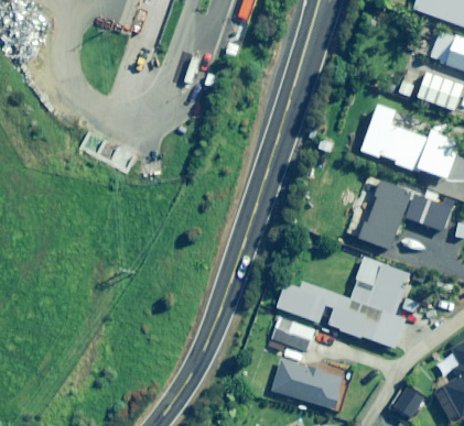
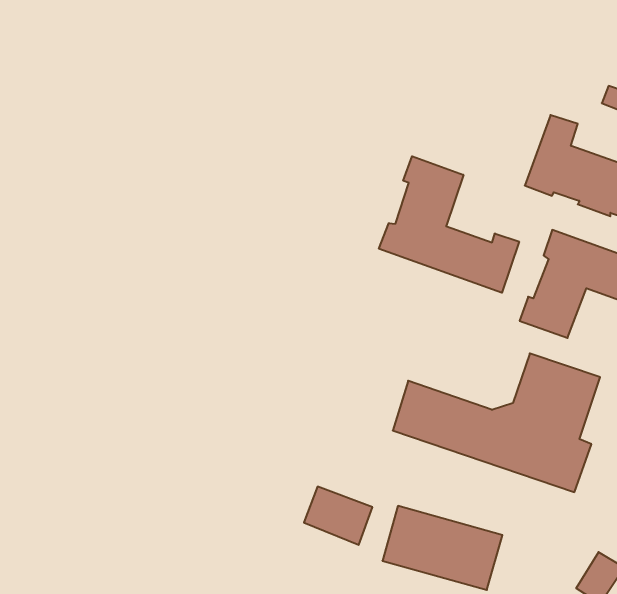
building: none -> [379,156,519,293]
building: [270,315,314,352] -> [304,487,372,545]

